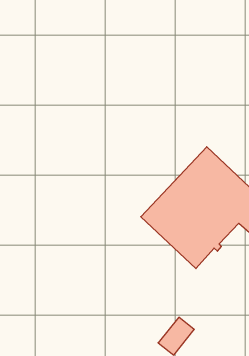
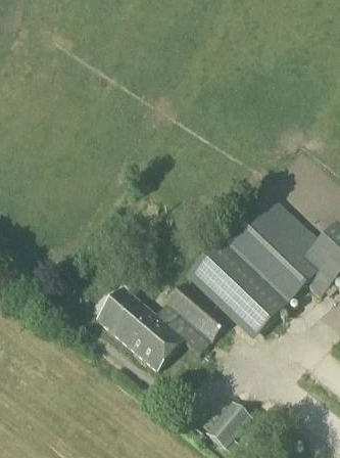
building: none -> [97,279,228,368]

